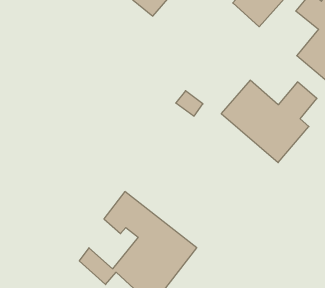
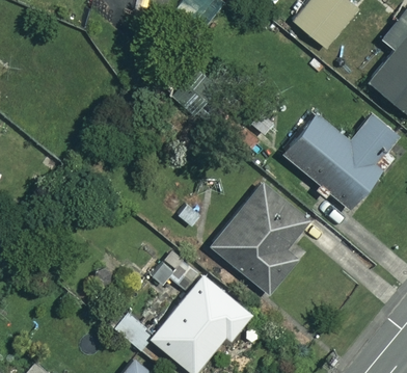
building: none -> [210,182,313,296]

